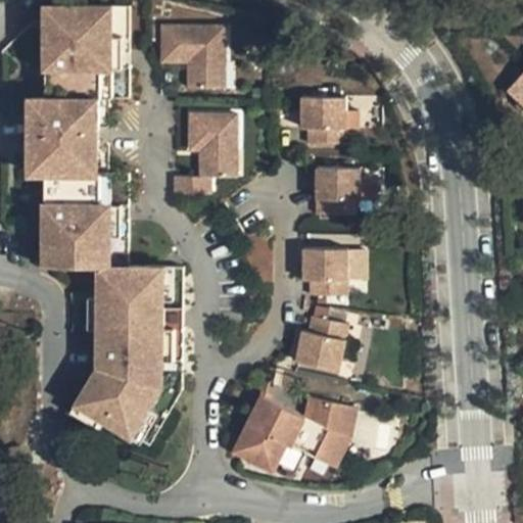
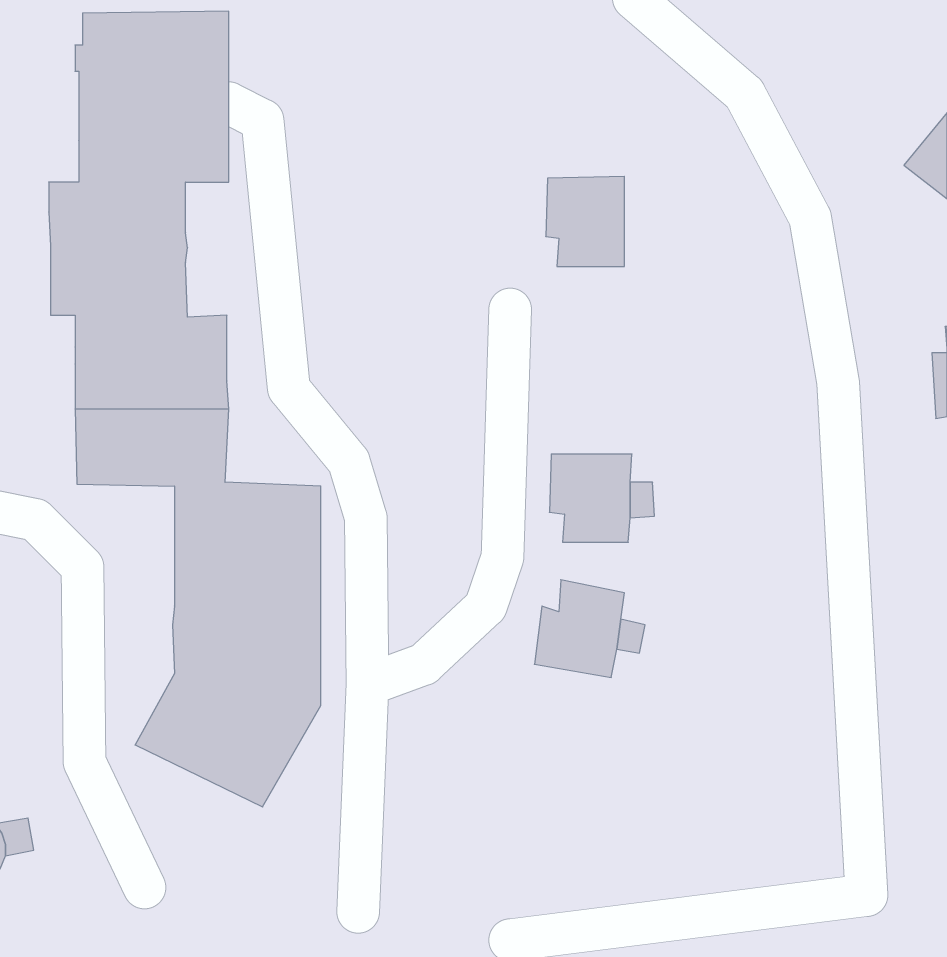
building: [161,26,224,92] -> none
building: [169,111,234,193] -> none
building: [307,165,351,208] -> none
building: [228,398,350,474] -> none

